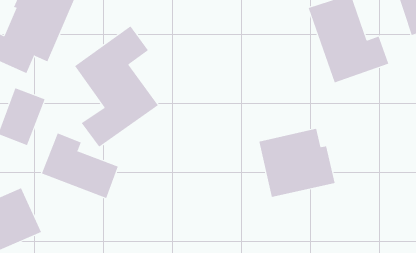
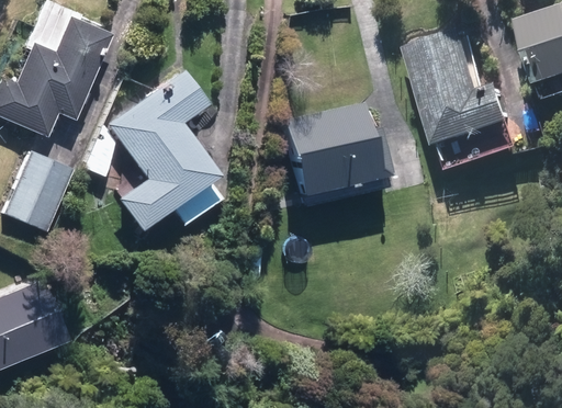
building: [258,128,335,197] -> [283,106,383,196]
building: [41,132,119,199] -> none

